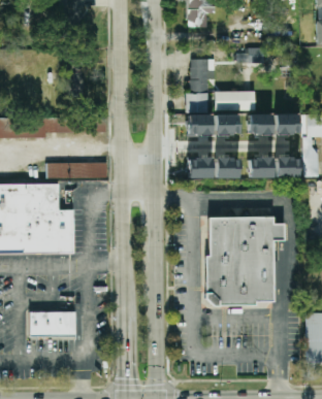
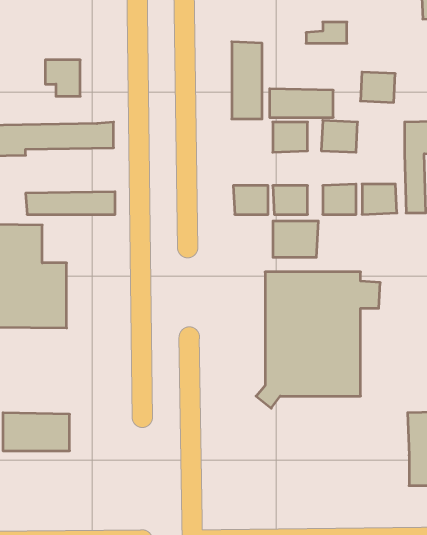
building: [275,113,298,134] -> [360,72,395,102]
building: [188,114,212,135] -> none
building: none -> [273,221,318,257]

